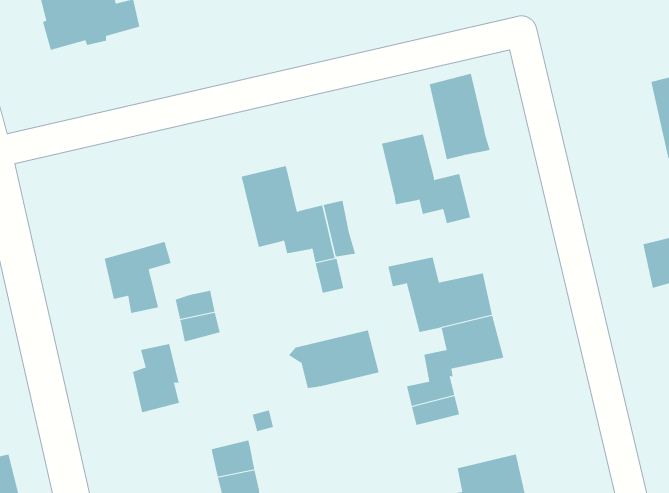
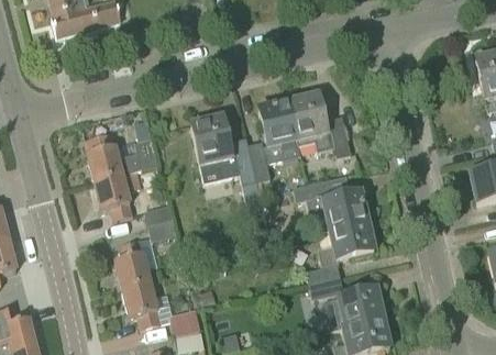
building: [429,73,490,160] -> [258,101,301,162]
building: none -> [85,133,159,181]
building: [288,330,380,388] -> [319,288,383,329]
building: none -> [121,281,162,328]

